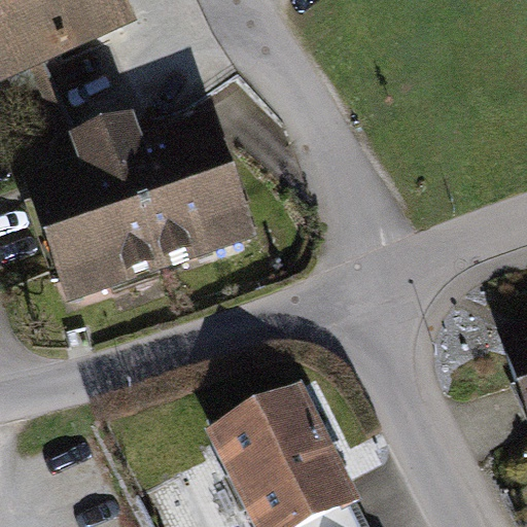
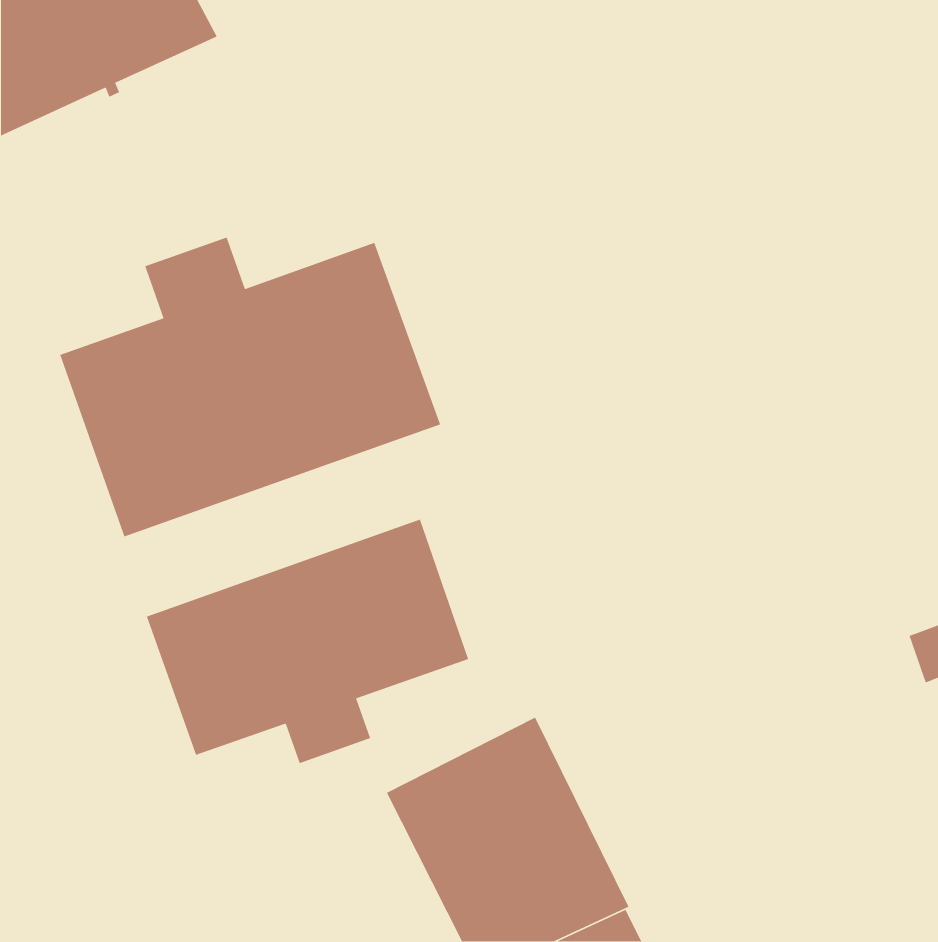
building: none -> [146,519,469,764]

